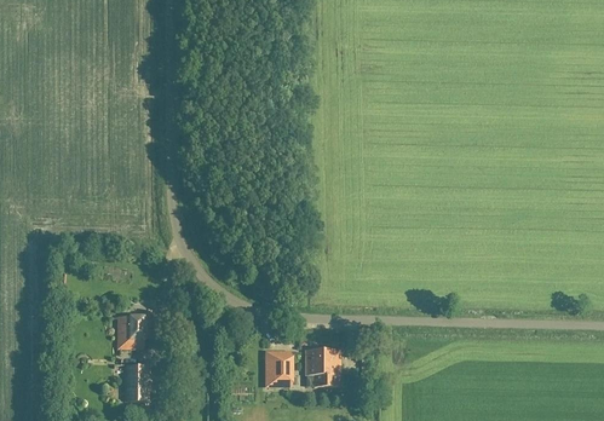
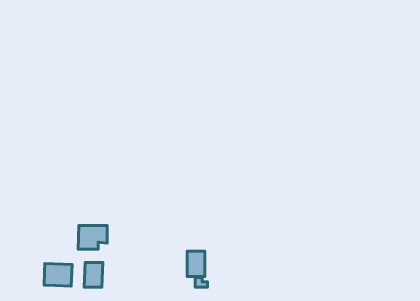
building: [305,348,340,385] -> none
building: none -> [44,263,72,286]

